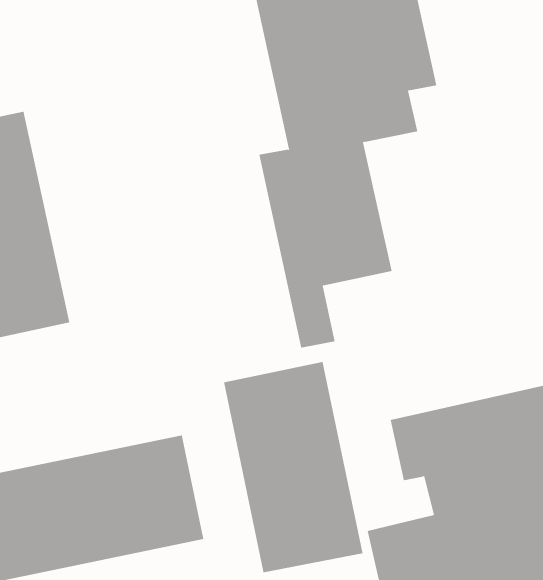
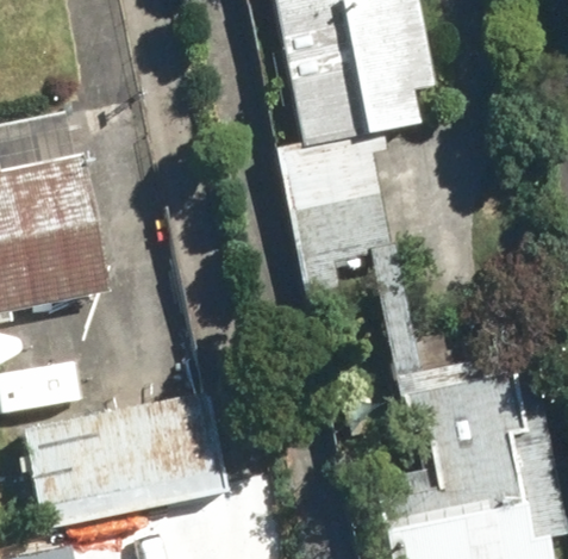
building: [224,361,363,573] -> none

